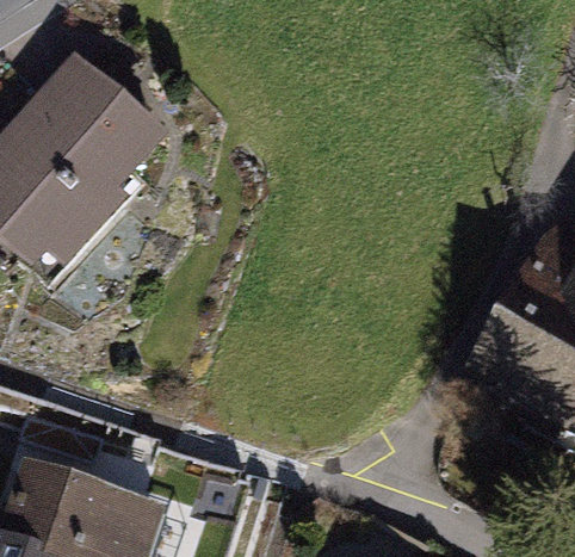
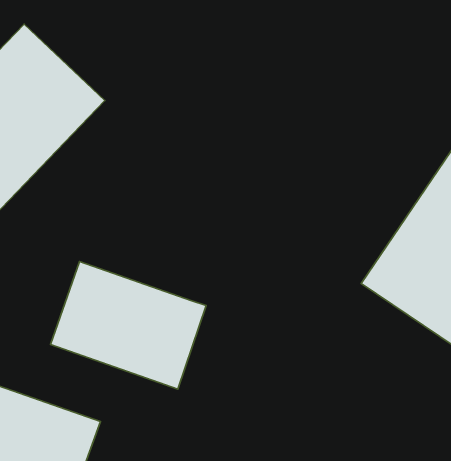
building: none -> [50,262,206,389]

